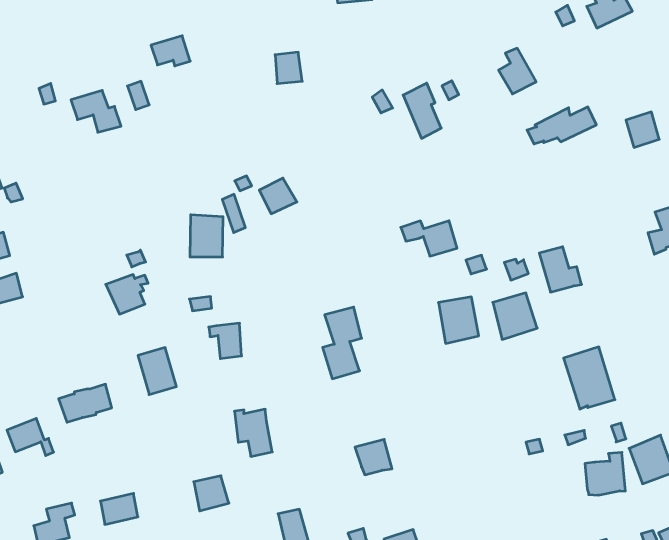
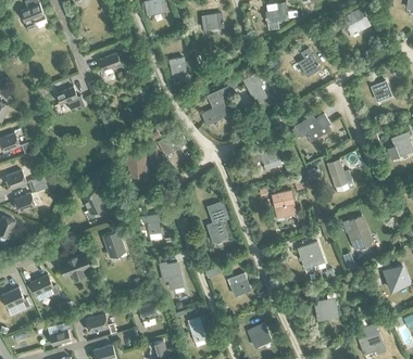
building: none -> [201,87,230,125]
building: [527,107,596,144] -> [290,114,329,137]
building: [493,293,537,339] -> [297,242,323,269]
building: [585,452,625,495] -> [314,295,338,320]

